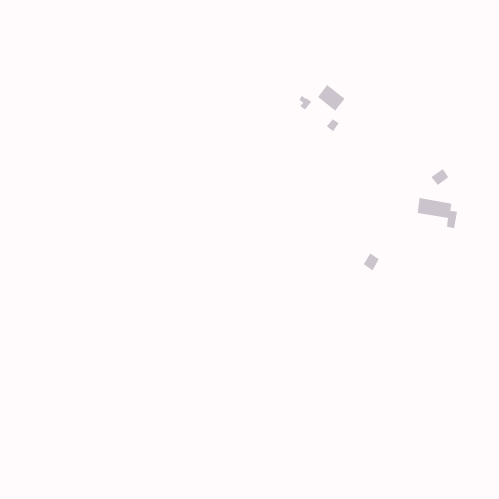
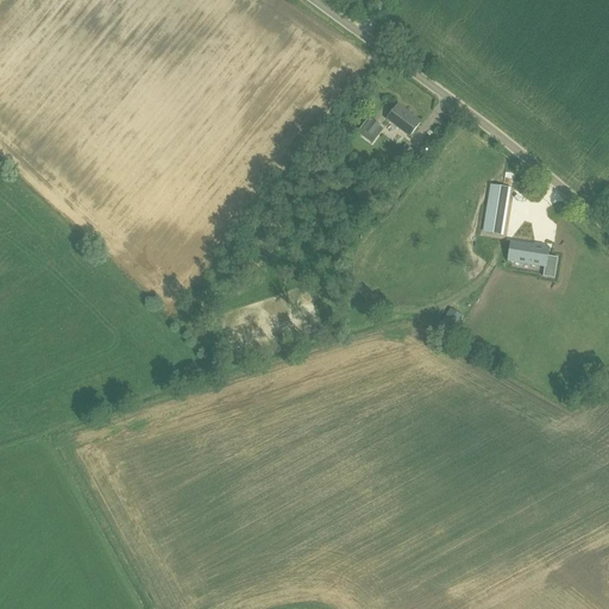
building: none -> [483,184,508,234]

